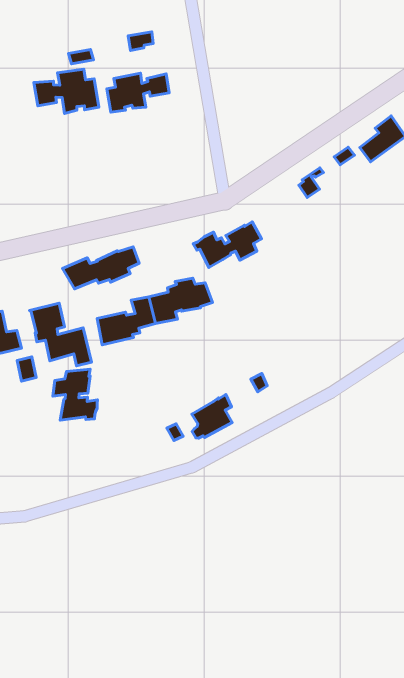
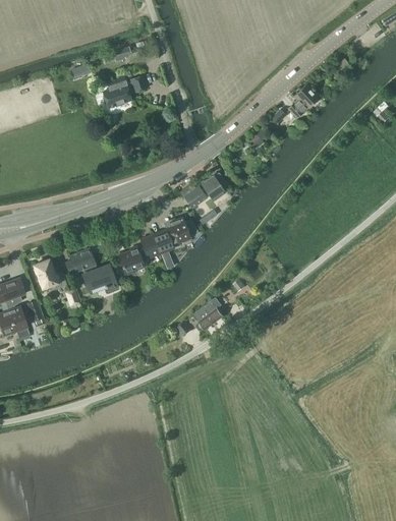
building: [34,69,99,114] -> none
building: [62,247,139,289] -> none
building: [53,369,97,420] -> none

